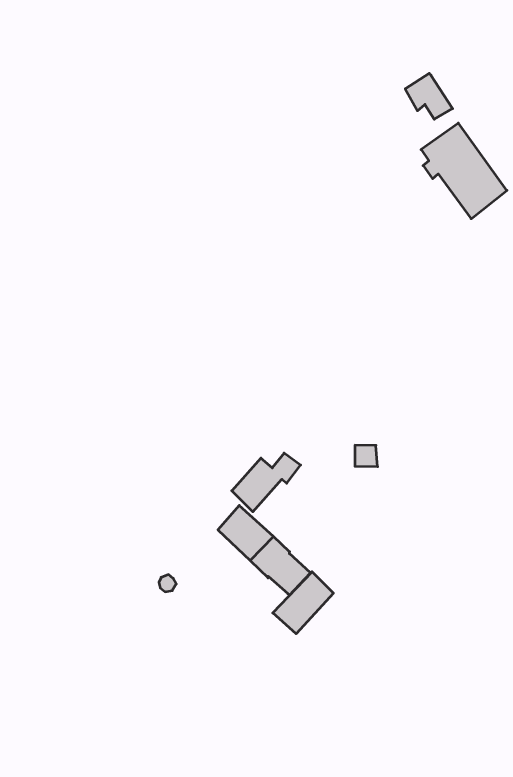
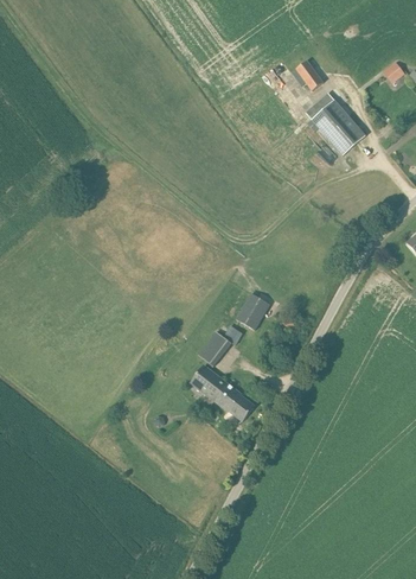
building: none -> [235,293,270,330]
building: [273,572,333,634] -> none

